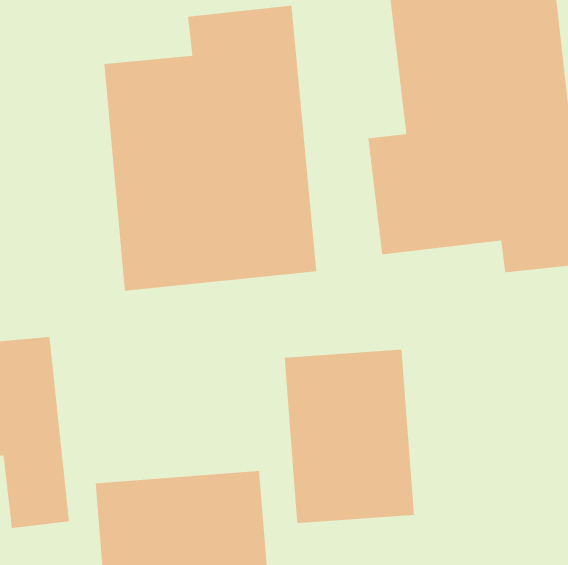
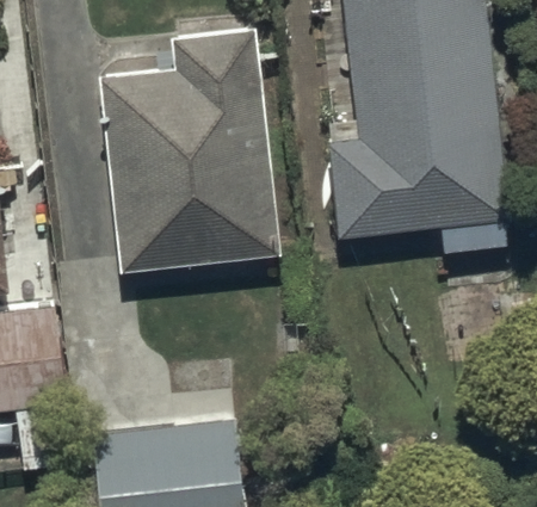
building: [284,349,415,524] -> none

